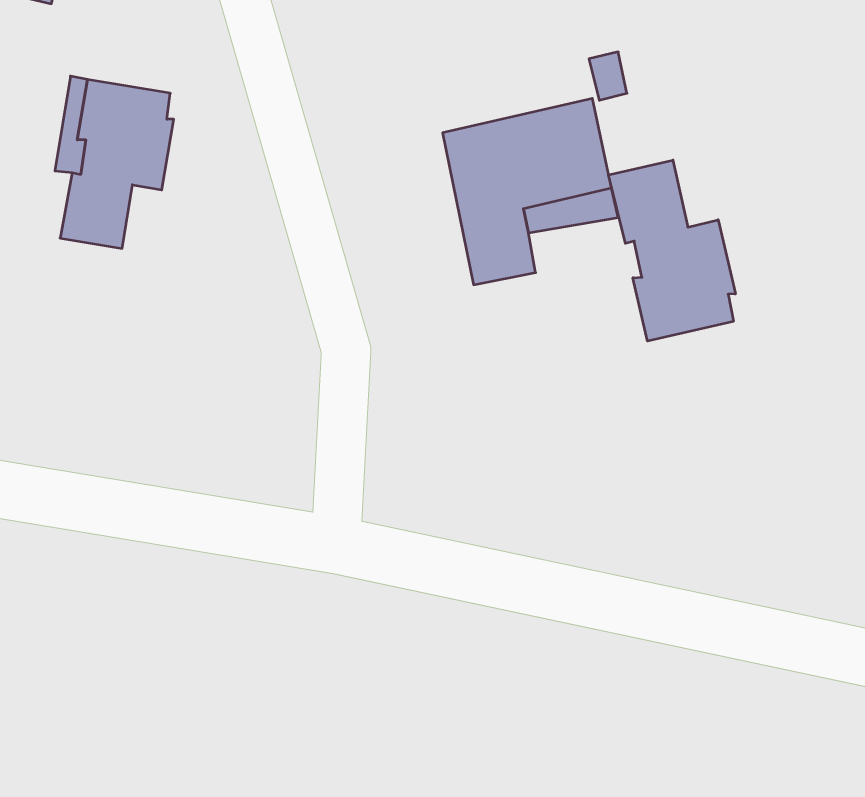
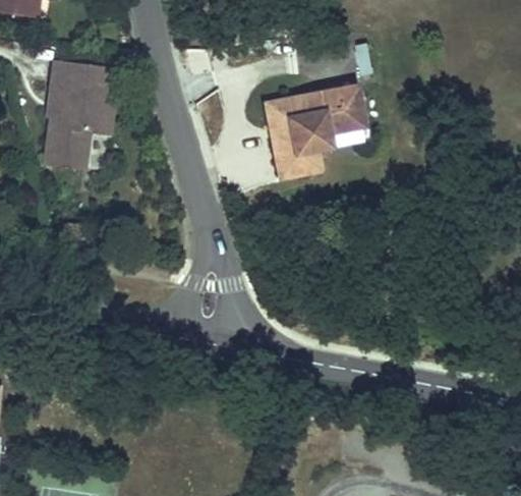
building: [609,160,735,341] -> none

